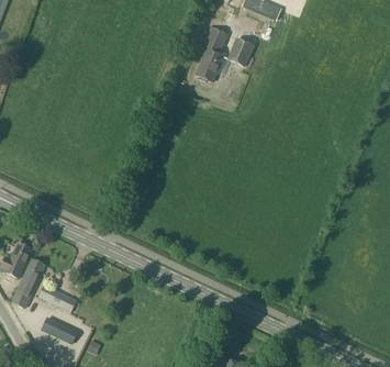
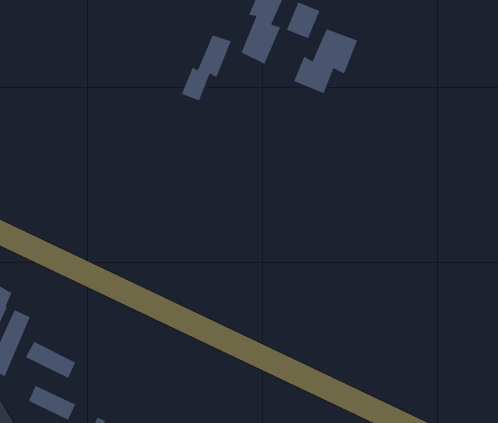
building: none -> [293,28,358,94]
building: none -> [181,34,232,102]

